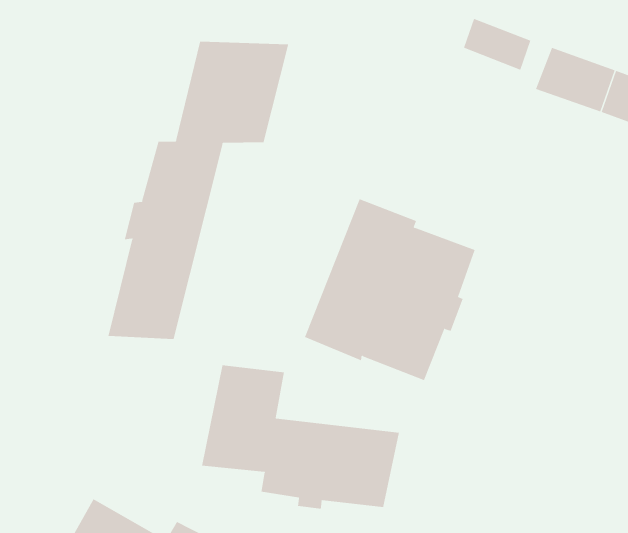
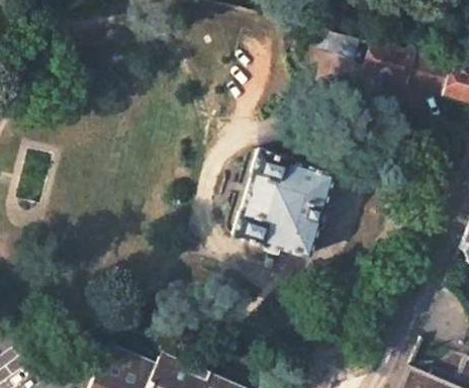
building: [108,41,289,340] -> none
building: [201,364,400,510] -> none

